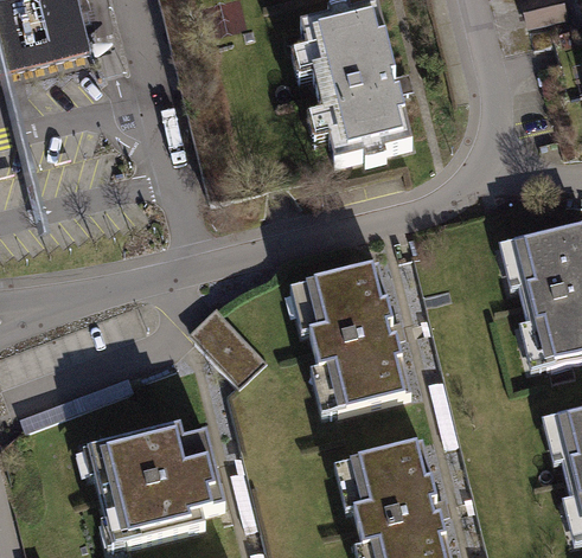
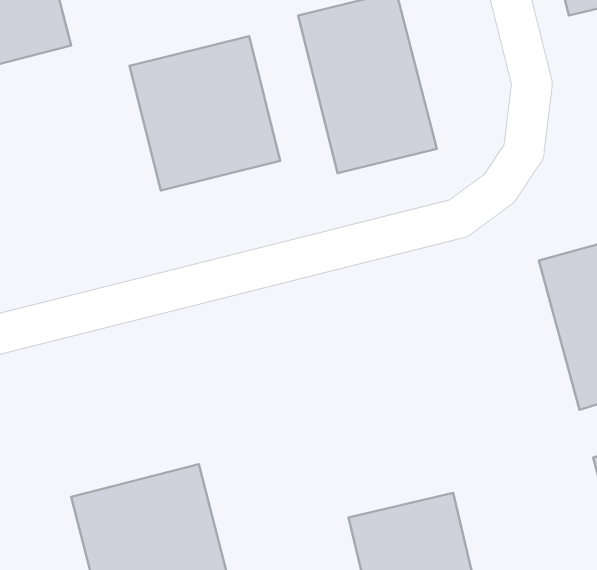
building: none -> [129,36,280,191]
building: [289,261,412,419] -> none

